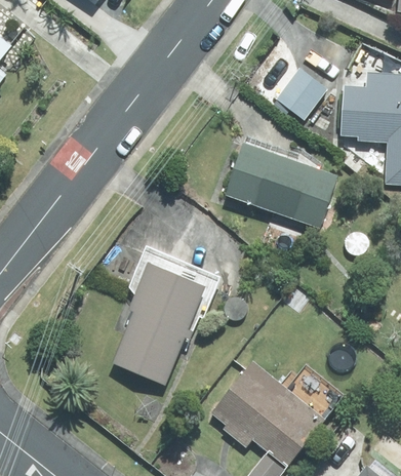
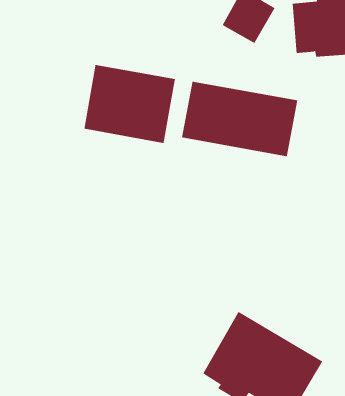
building: none -> [84,64,175,144]
building: [113,263,203,381] -> none

